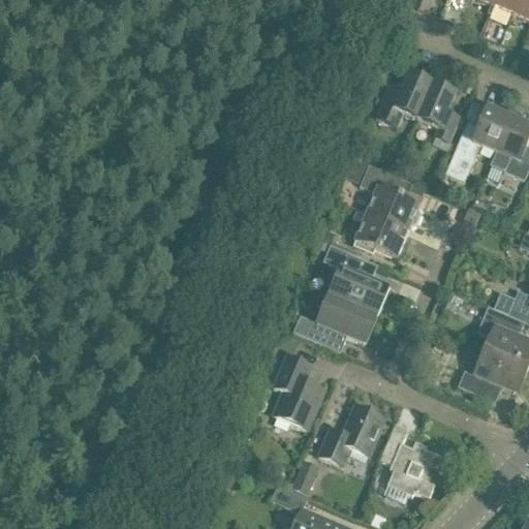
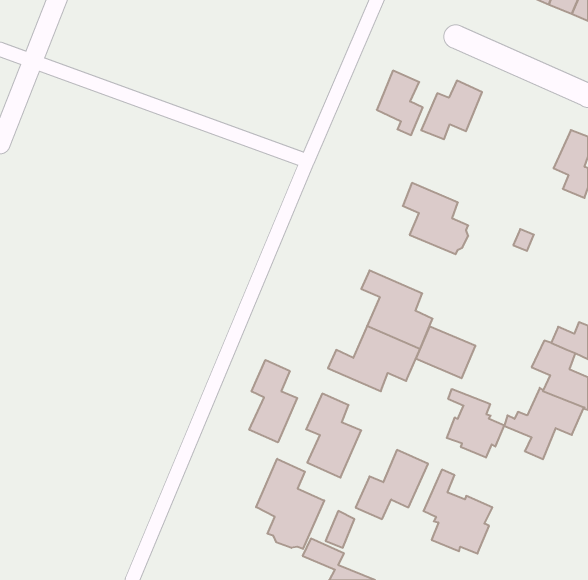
building: [418,83,460,141] -> [377,71,423,135]
building: [443,105,512,182] -> none
building: [355,211,409,257] -> [416,326,476,378]
building: none -> [249,360,297,442]
building: none -> [447,389,504,458]
building: none -> [256,459,324,549]

